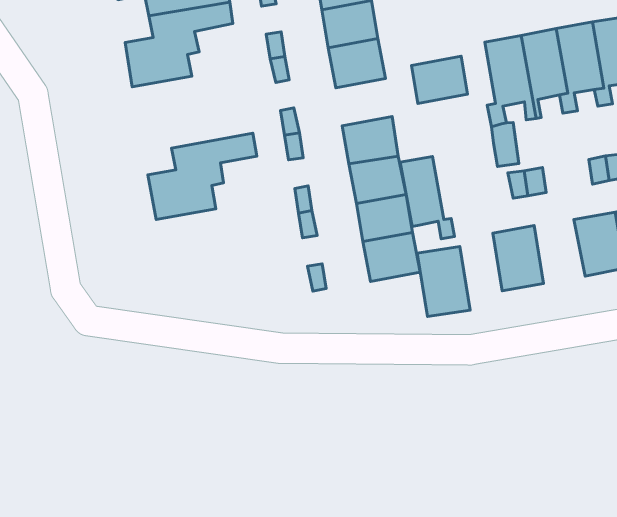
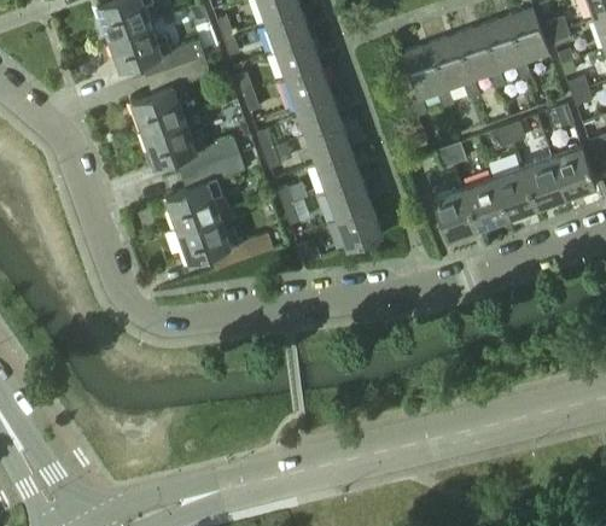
building: [411,56,468,103] -> [295,94,340,135]
building: none -> [141,117,238,174]
building: [400,157,454,239] -> none
building: none -> [176,214,273,270]
building: none -> [461,176,506,228]
building: [417,247,470,317] -> none

